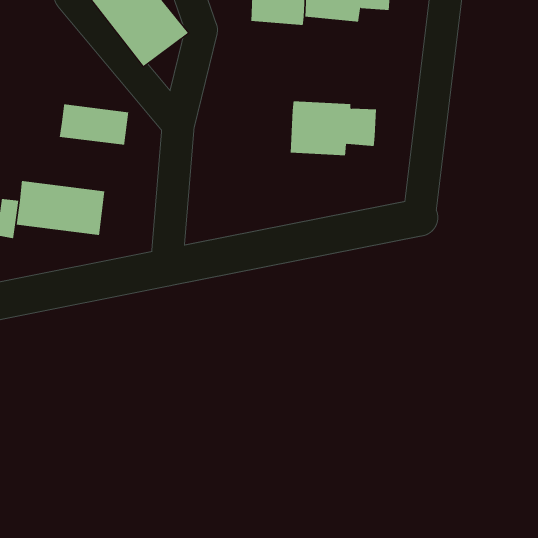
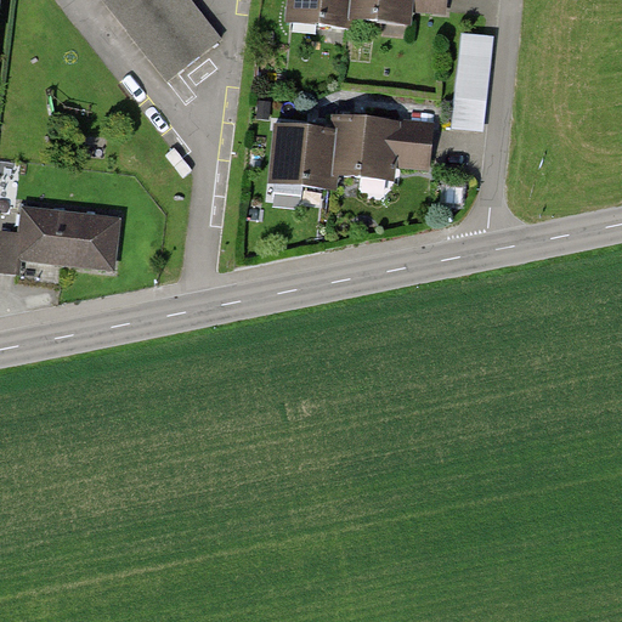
building: none -> [449,30,494,131]
building: [59,103,129,146] -> none
building: none -> [270,123,334,186]

